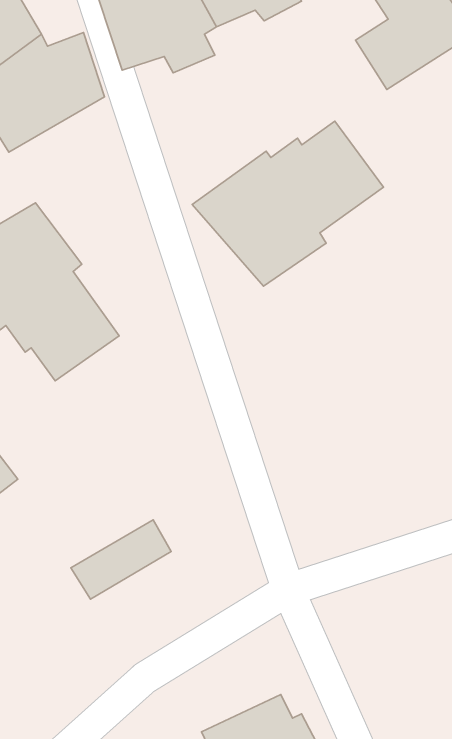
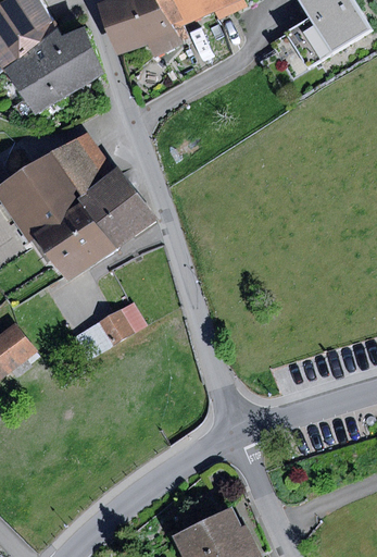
building: [192,121,384,286] -> none
building: none -> [52,133,158,248]
building: [71,520,171,599] -> [73,302,146,360]

